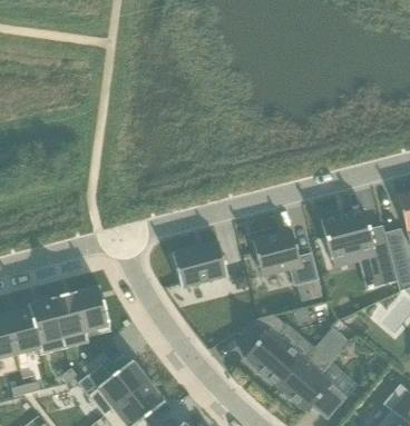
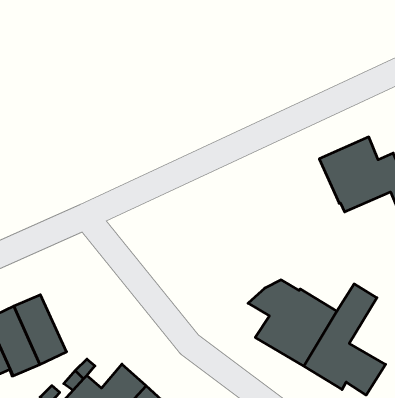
building: [253,229,318,285] -> none
building: [173,241,227,286] -> none
building: [75,285,111,341] -> none

